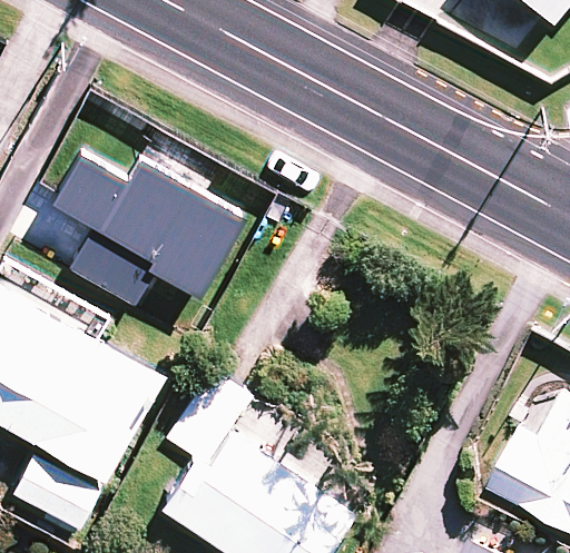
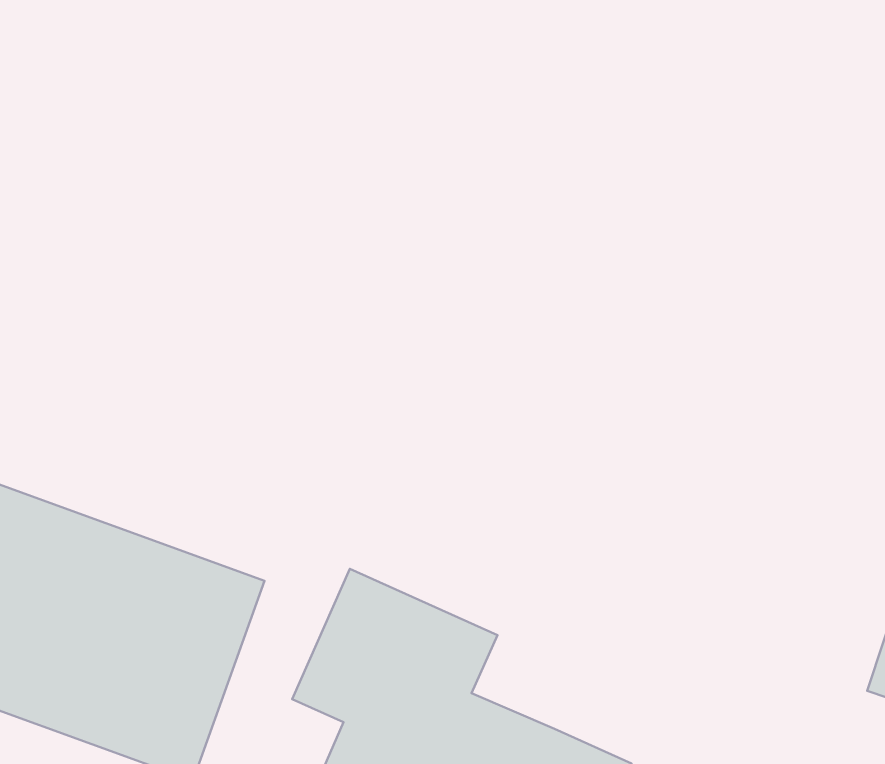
building: [52,151,243,306] -> none

